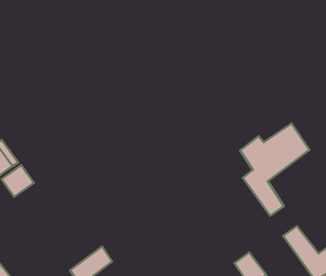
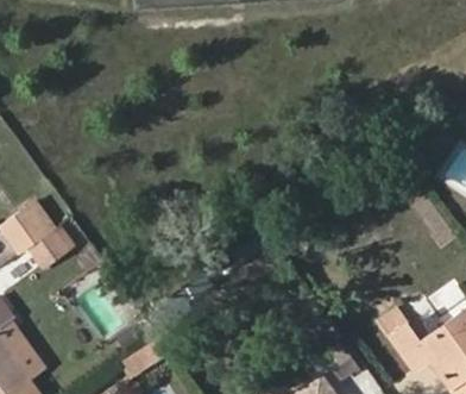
building: [240,124,310,216] -> none

